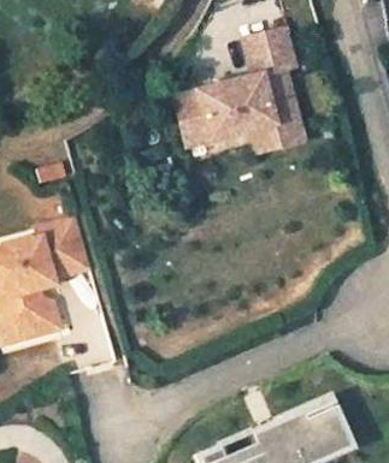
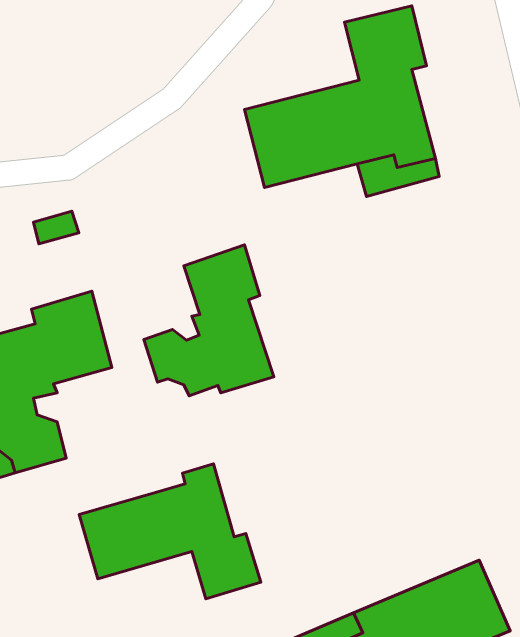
building: none -> [144,245,274,396]
building: none -> [79,464,261,599]

